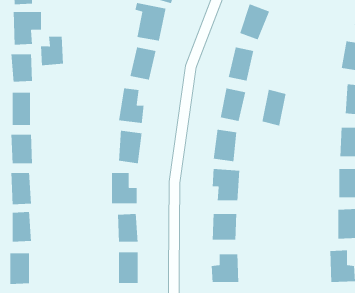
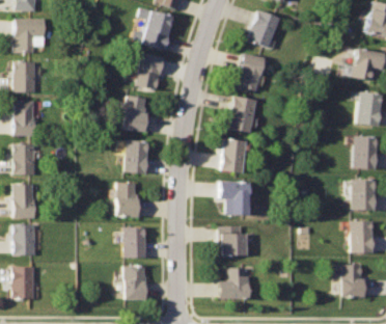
building: [40,36,64,66] -> none
building: [262,89,286,127] -> none

